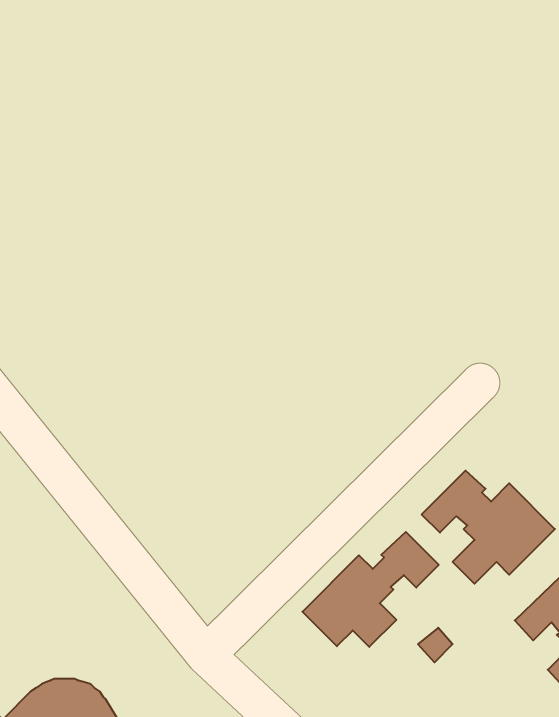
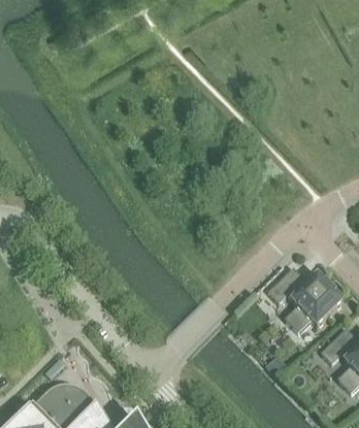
building: [302,532,439,647] -> none

